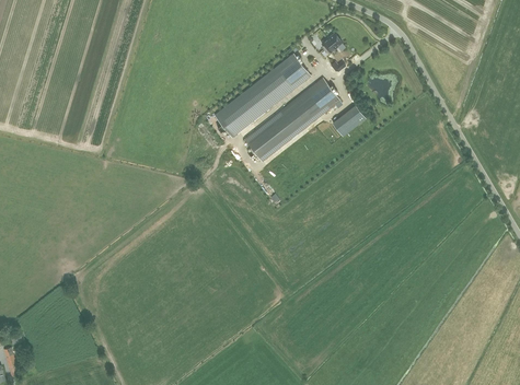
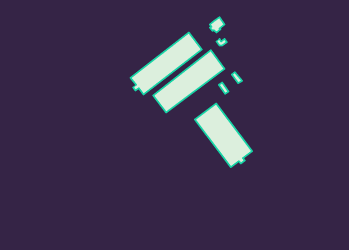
building: none -> [195,103,252,167]

